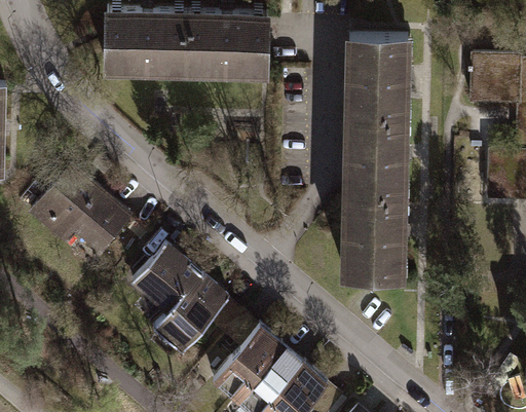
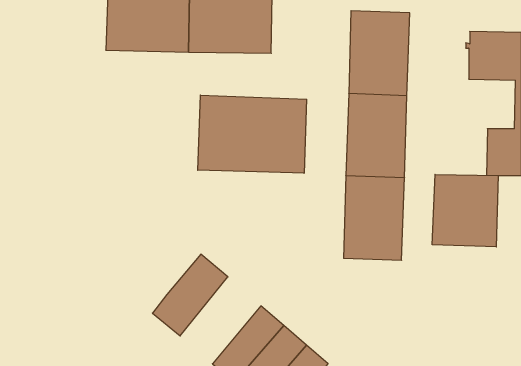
building: none -> [198,95,307,173]
building: [31,155,137,258] -> none
building: none -> [432,174,498,247]
building: [133,244,201,312] -> none

